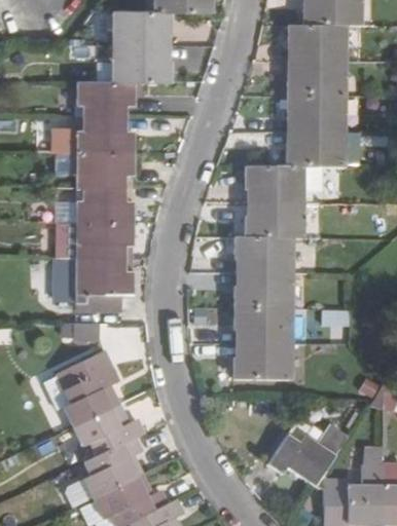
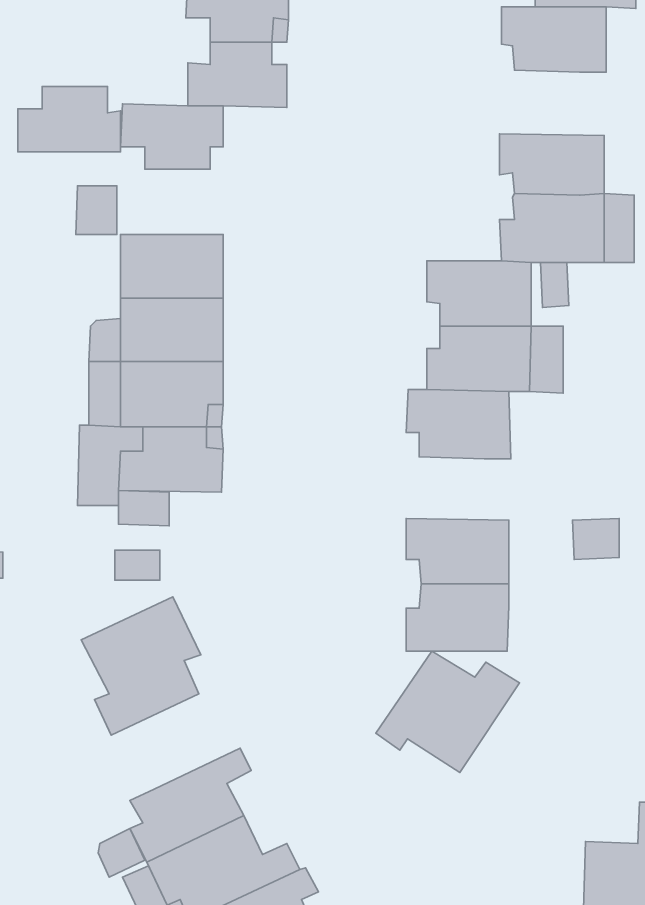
building: [285,62,344,98] -> none
building: [76,116,133,152] -> [18,87,121,152]
building: [233,274,291,309] -> none
building: [71,405,145,457] -> none
building: [267,419,347,486] -> [376,651,519,772]

